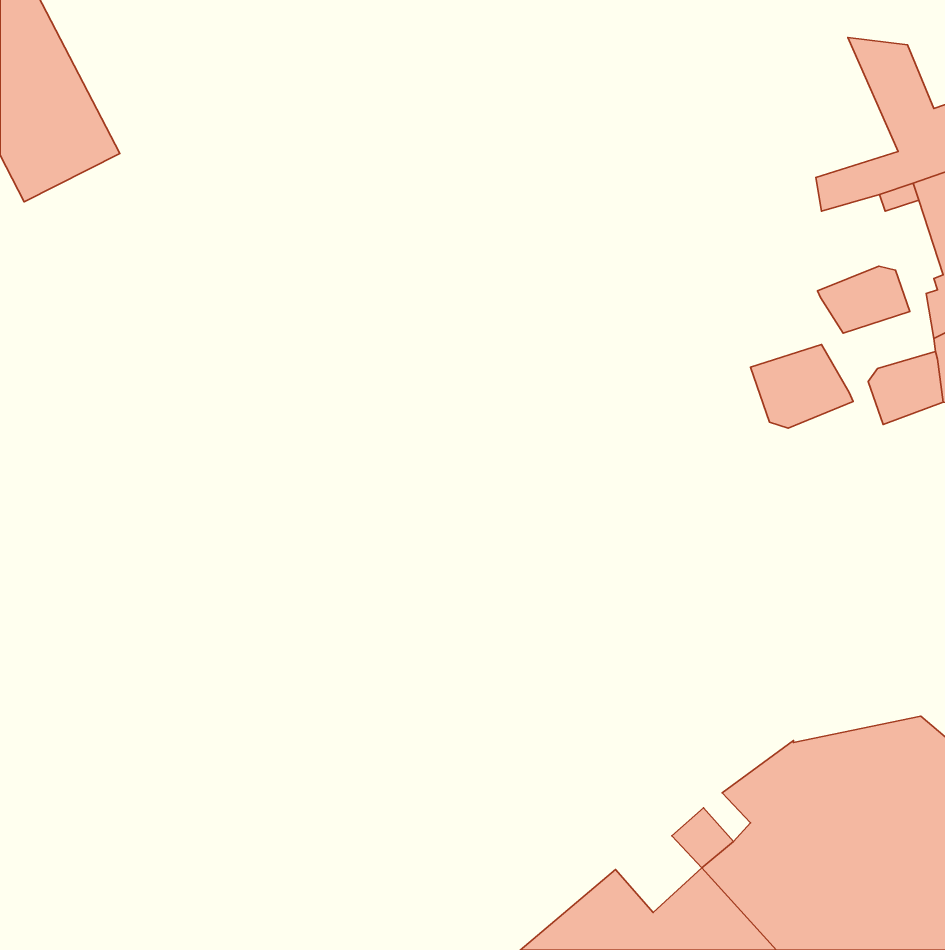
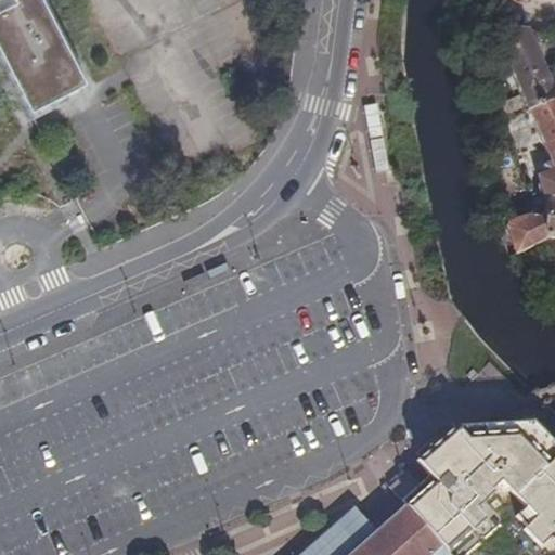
building: [817,266,910,333] -> none
building: [751,344,853,428] -> none

